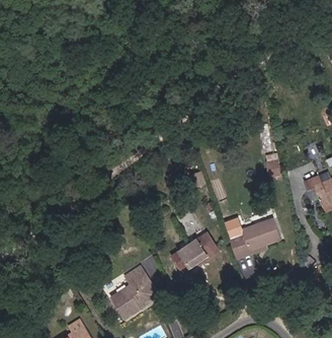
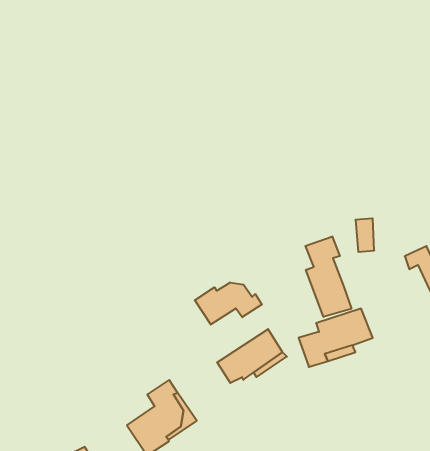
building: none -> [305,236,351,317]
building: none -> [195,282,262,325]

